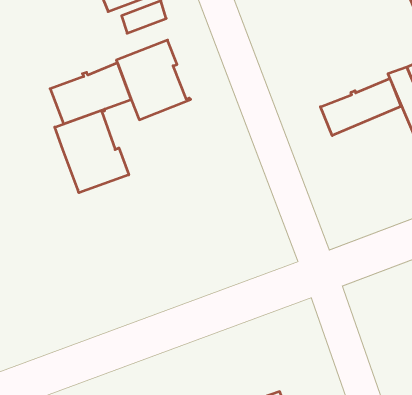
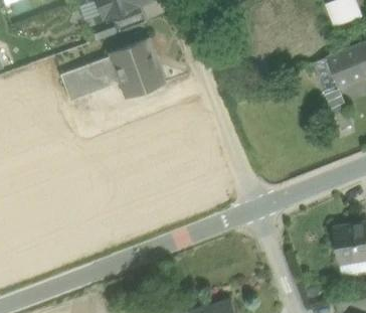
building: [320,78,401,136] -> none
building: [55,109,129,193] -> none

